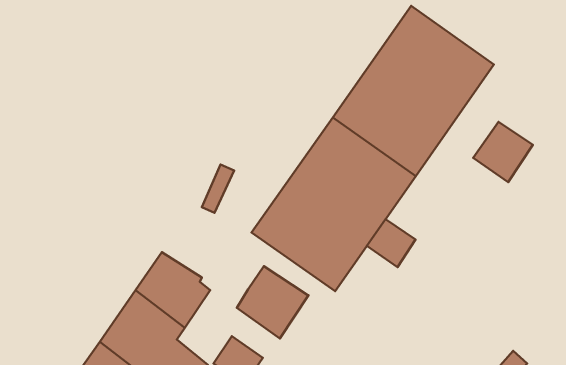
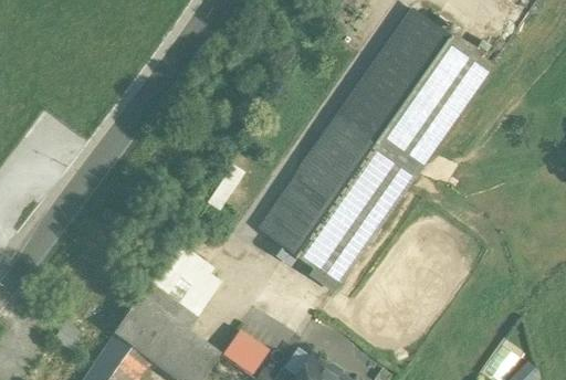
building: [473,122,533,182] -> none
building: [367,219,416,267] -> none
building: [237,266,308,339] -> none

